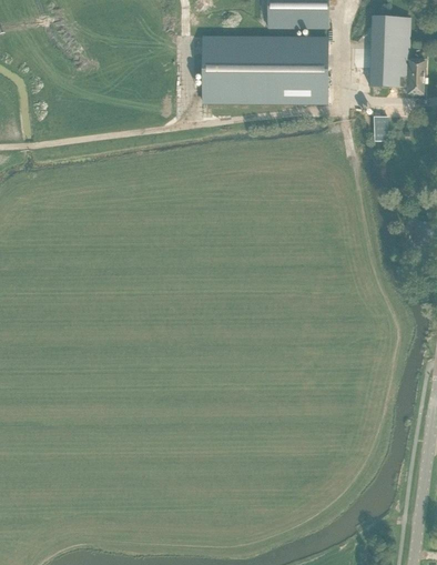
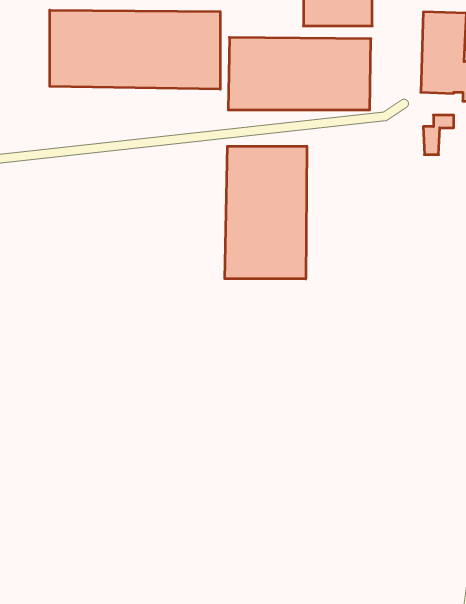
building: none -> [50,10,220,89]
building: none -> [225,146,307,279]

